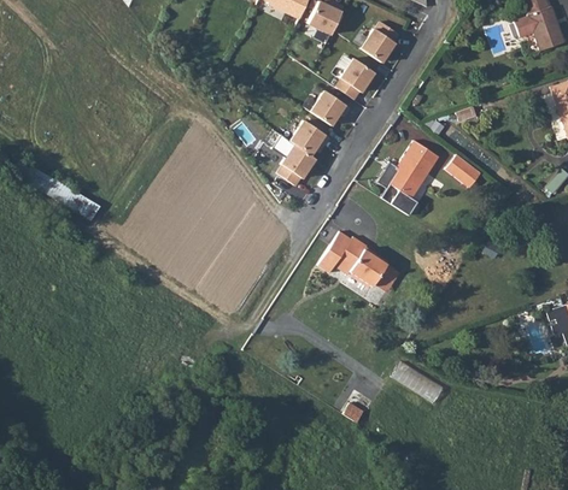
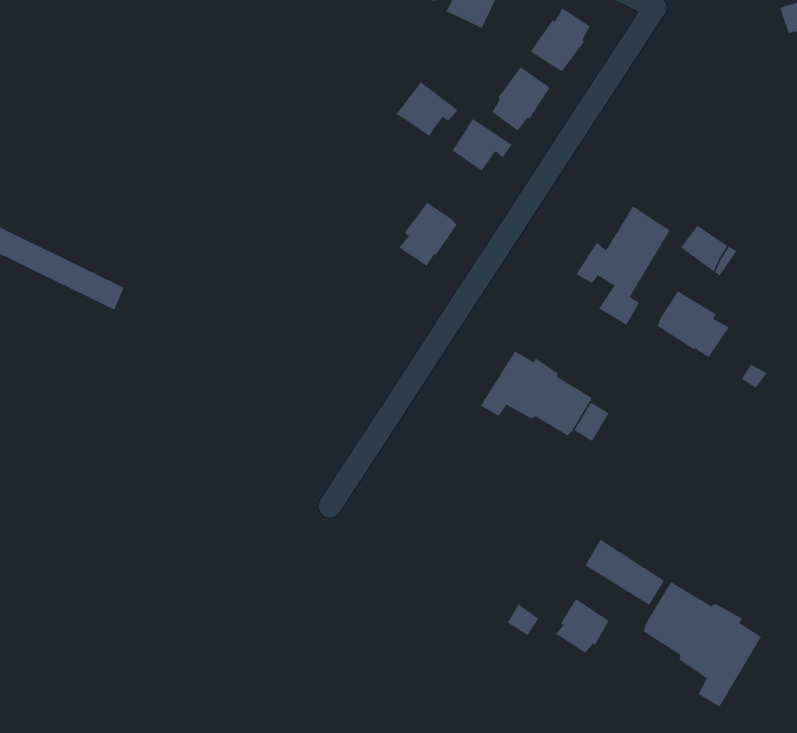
building: [287,120,327,155] -> [396,82,458,137]
building: none -> [657,290,729,358]
building: none -> [643,582,762,708]
building: none -> [555,598,610,654]

